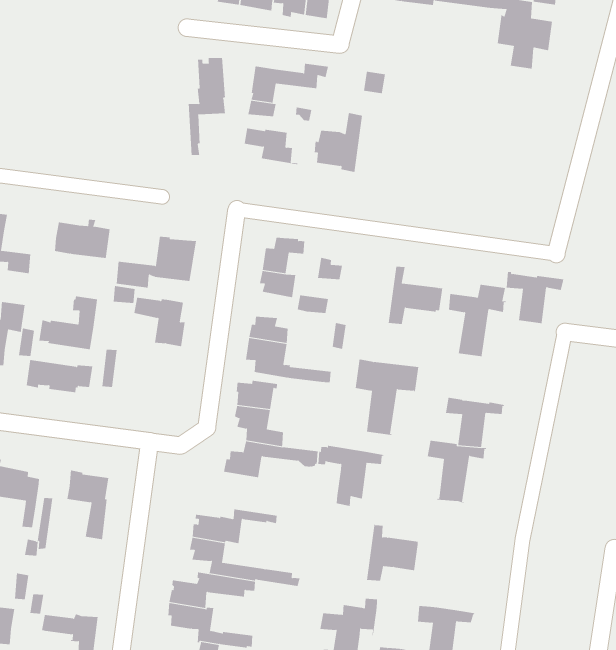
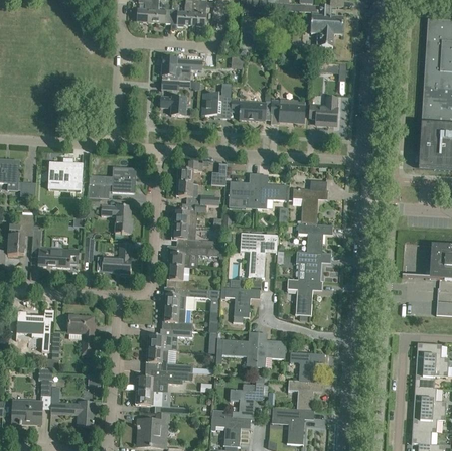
building: [188,57,226,156] -> none
building: none -> [232,98,265,121]
building: none -> [271,99,305,123]
building: none -> [310,97,337,125]
building: none -> [229,173,259,209]
building: [506,272,564,324] -> [298,223,333,254]
building: [39,296,98,350] -> [97,241,131,273]
building: none -> [162,308,192,331]
building: none -> [216,332,258,367]
building: none -> [290,352,325,382]

